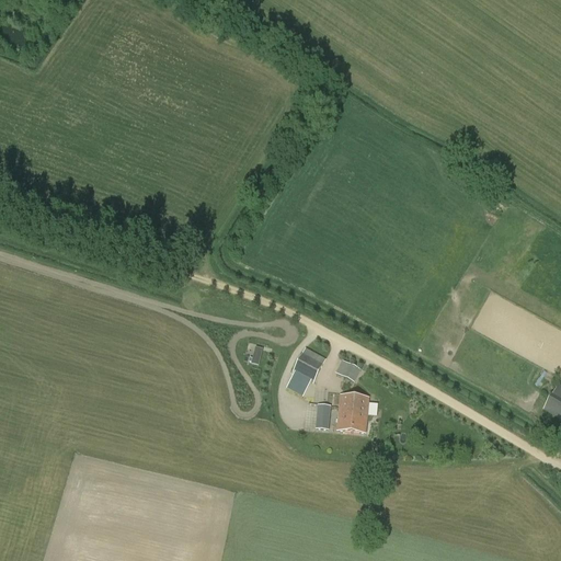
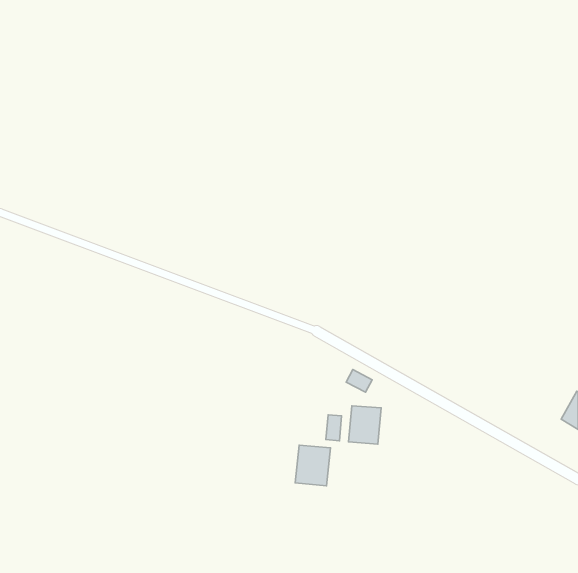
building: [293,346,325,380] -> none
building: none -> [295,445,330,486]

